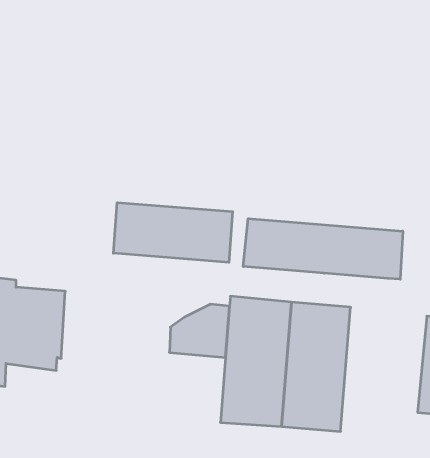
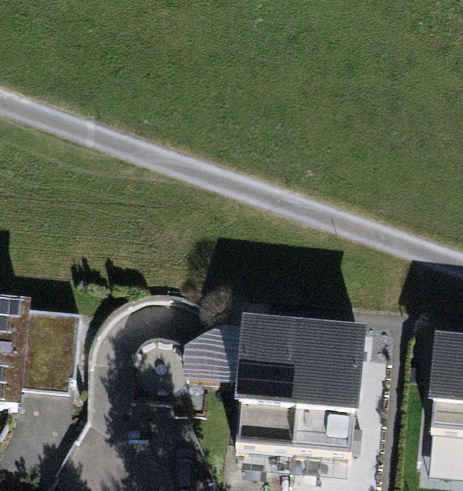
building: [113,203,233,262] -> none
building: [243,219,403,279] -> none

